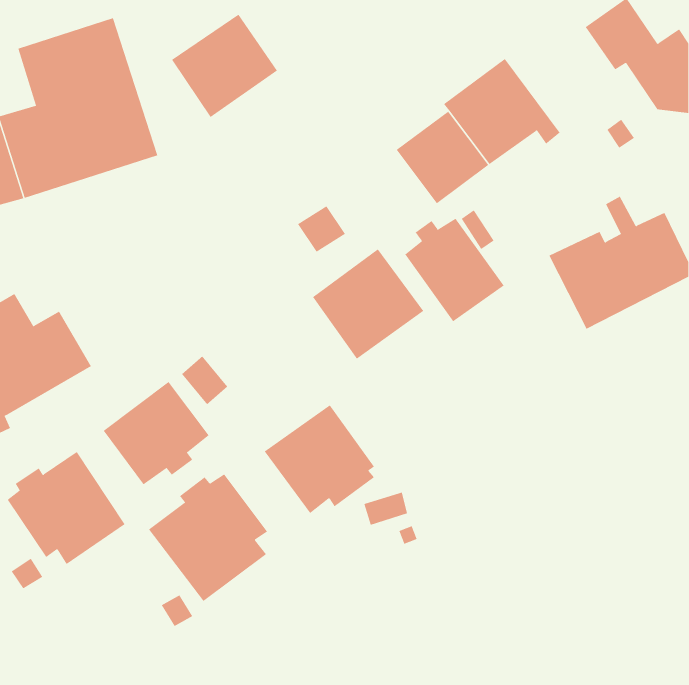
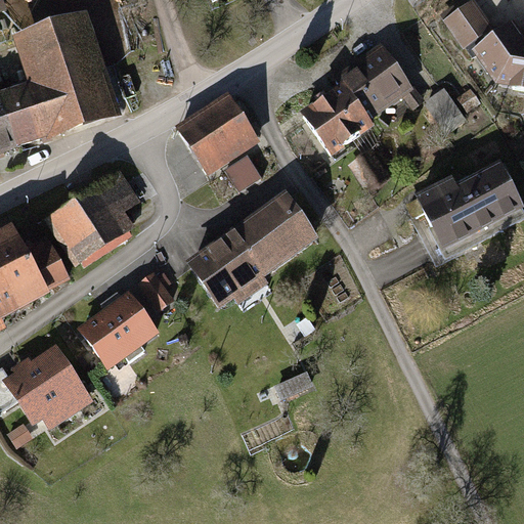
building: [171,14,278,118] -> [178,96,259,175]
building: none -> [426,90,466,134]
building: [404,218,504,322] -> none
building: none -> [45,171,137,264]
building: [264,404,375,514] -> [186,225,270,308]
building: [148,473,268,602] -> none

